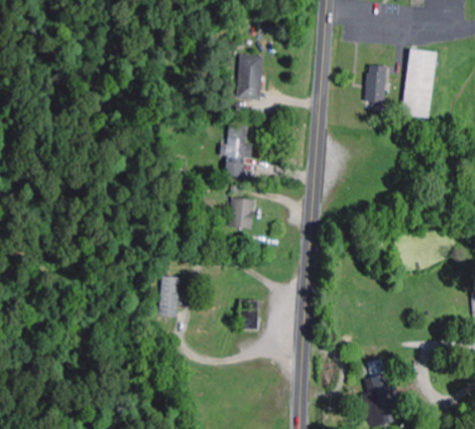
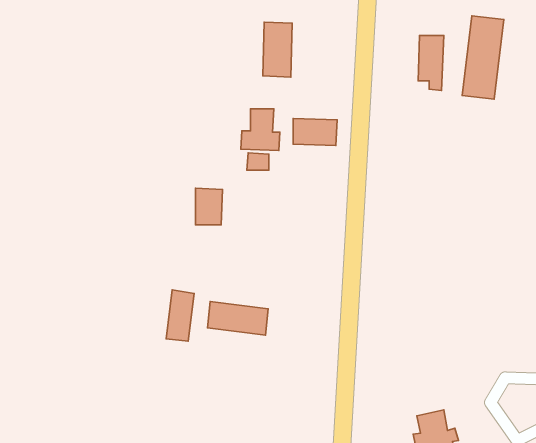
building: none -> [293,119,337,146]
building: [231,197,253,228] -> [196,188,222,225]
building: none -> [207,302,268,335]

